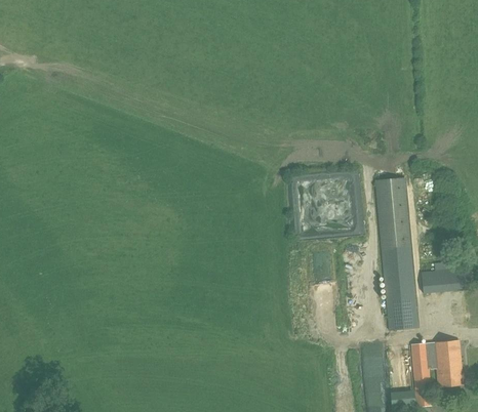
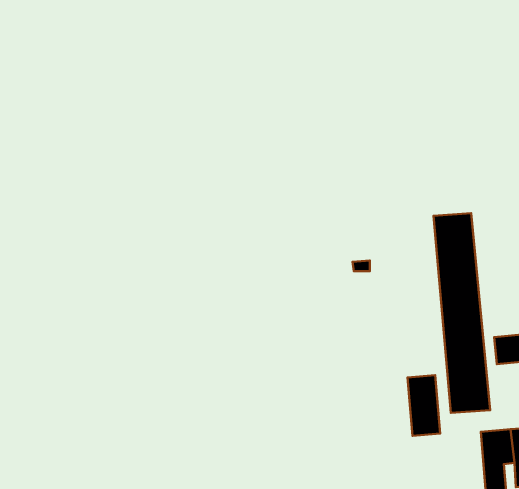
building: none -> [407,375,440,436]

